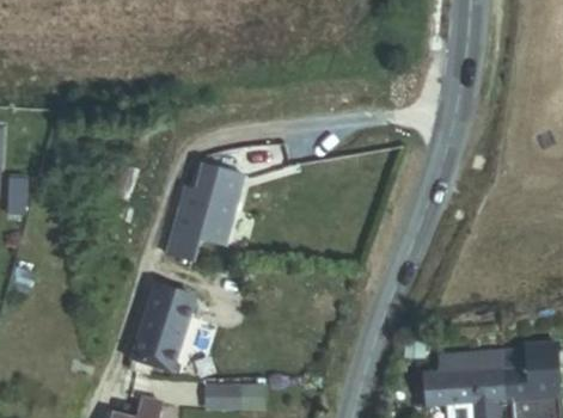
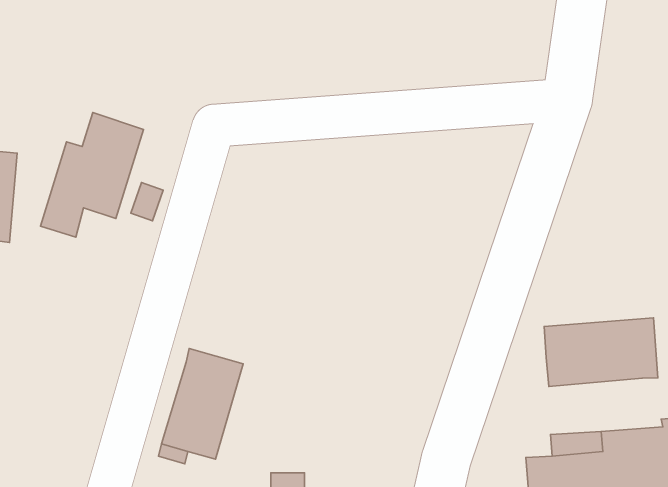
building: [165,164,245,260] -> [41,113,144,237]
building: none -> [544,318,658,387]

